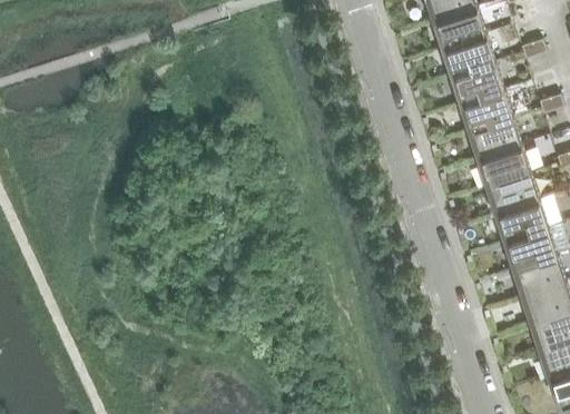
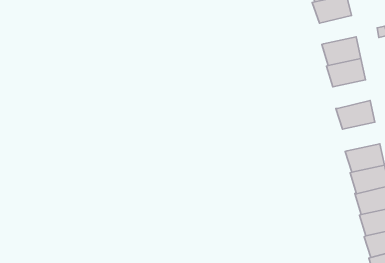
building: [441,31,494,72] -> none
building: [468,115,521,156] -> none
building: [485,169,539,210] -> none

